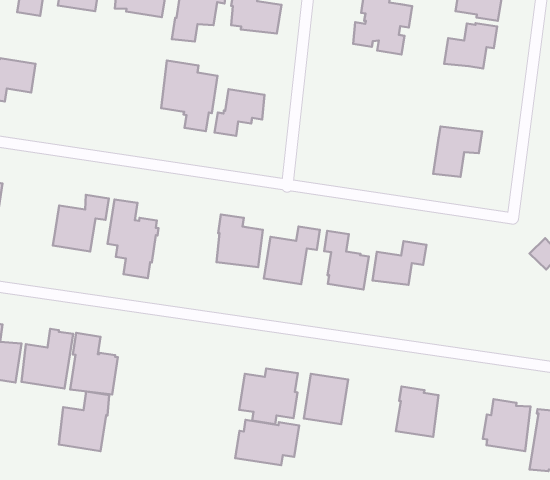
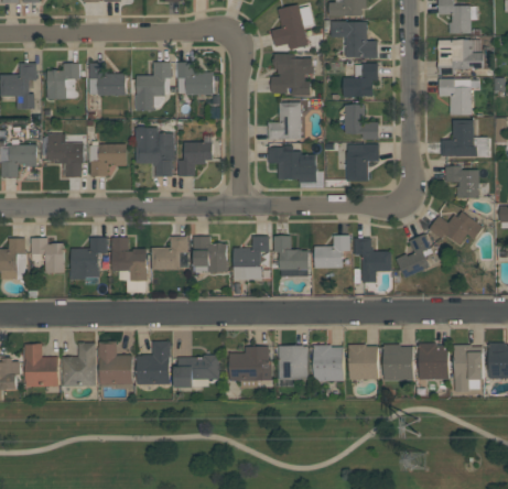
building: none -> [47,134,84,177]
building: none -> [268,102,301,140]
building: none -> [344,105,378,140]
building: none -> [89,144,127,177]
building: none -> [268,145,316,183]
building: none -> [31,238,65,273]
building: none -> [151,236,188,270]
building: none -> [354,238,390,283]
building: none -> [396,235,440,279]
building: none -> [313,346,343,381]
building: [59,392,109,451] -> [137,341,171,384]
building: none -> [383,345,412,381]
building: [235,420,299,465] -> [174,356,218,388]

